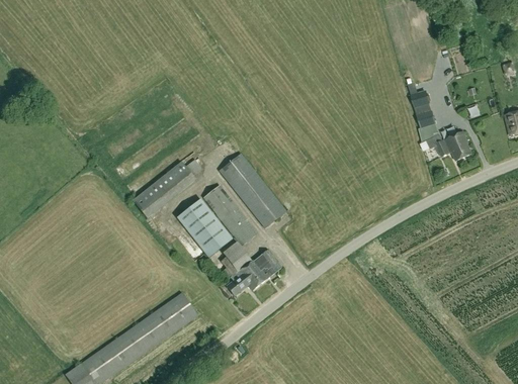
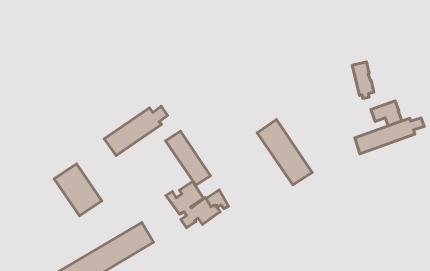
building: none -> [355,118,424,154]
building: [219,154,285,227] -> [257,119,312,185]
building: [176,198,233,258] -> [54,164,102,216]

